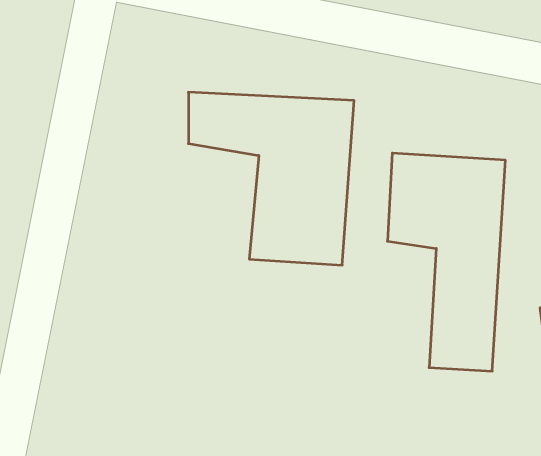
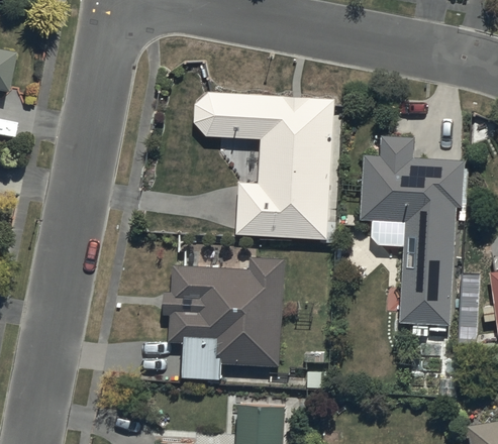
building: none -> [163,256,284,377]

